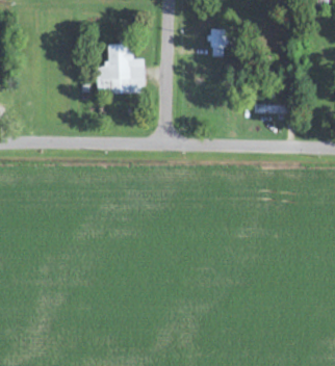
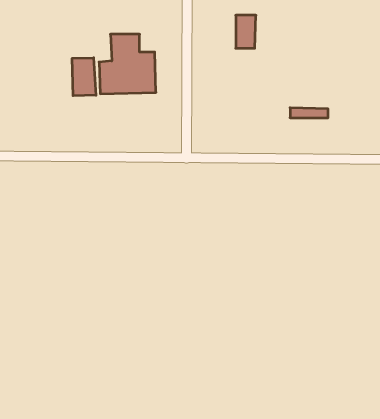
building: none -> [72,58,96,96]

